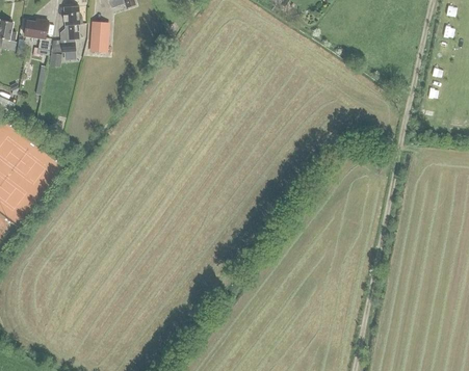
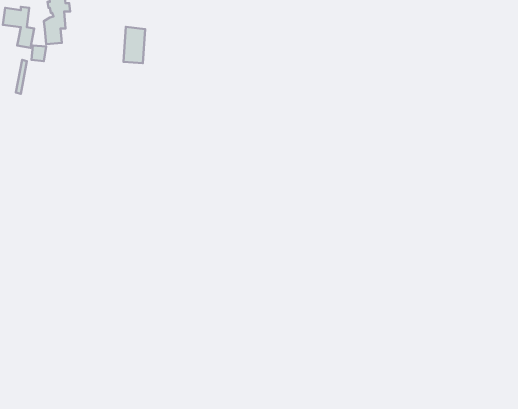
building: [90,21,109,52] -> [123,27,145,63]

